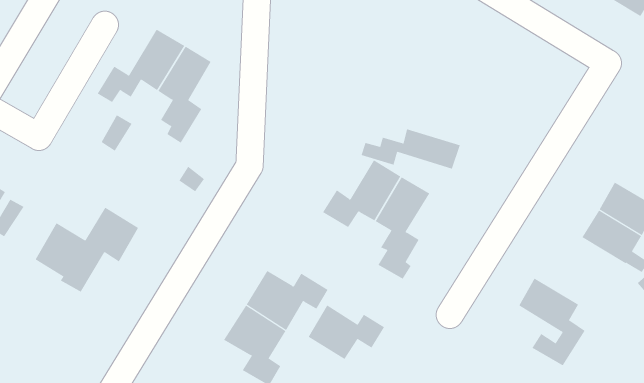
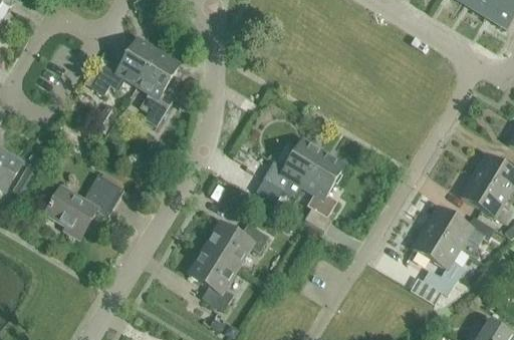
building: [361,129,460,170] -> none
building: none -> [425,207,493,248]
building: [308,304,385,360] -> none

